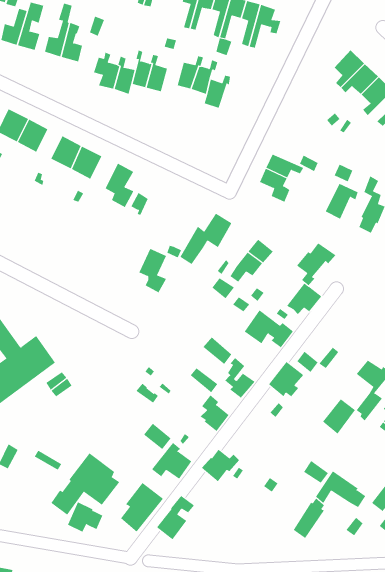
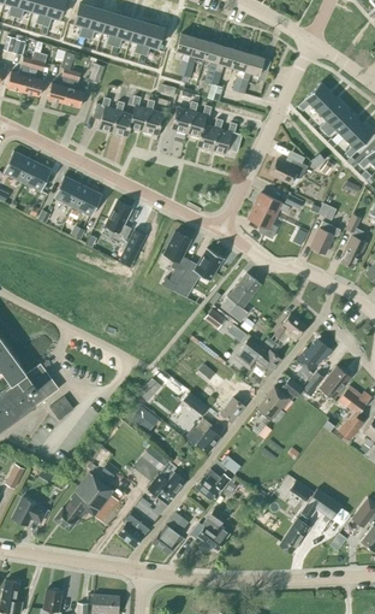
building: none -> [297,82,333,112]
building: none -> [210,123,240,154]
building: none -> [269,150,306,183]
building: [296,242,336,286] -> [294,338,332,379]
building: [138,248,167,293] -> [163,231,190,273]
building: [322,398,356,435] -> [319,366,350,400]
building: none -> [192,508,228,550]
building: [67,501,103,532] -> [12,496,46,525]

